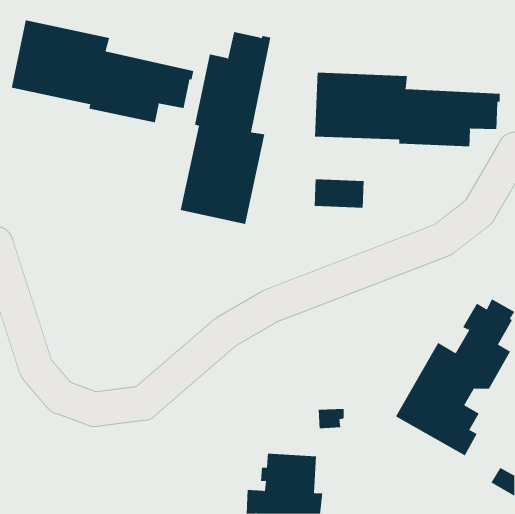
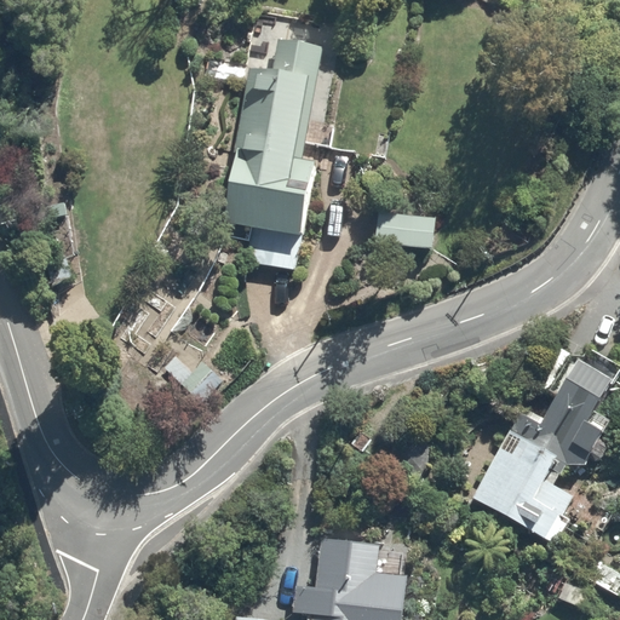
building: [11,20,194,123] -> none
building: [314,72,500,147] -> none

